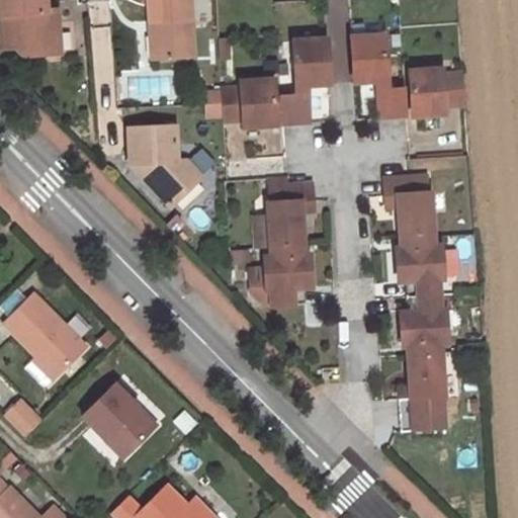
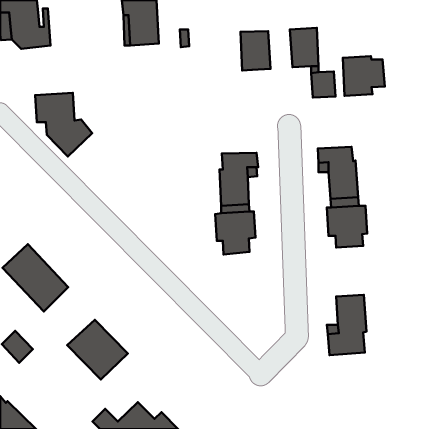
building: [223,77,269,124] -> none
building: [280,92,309,122] -> none
building: [127,126,196,203] -> [35,93,92,157]
building: [400,296,450,348] -> none

